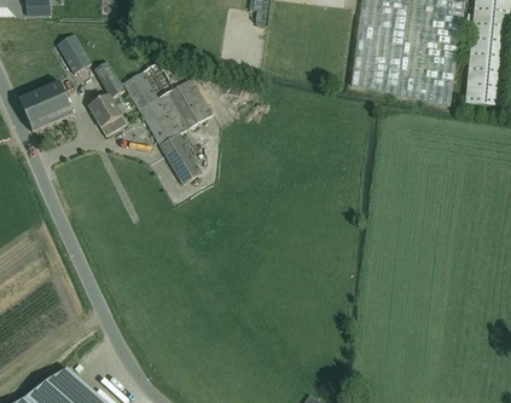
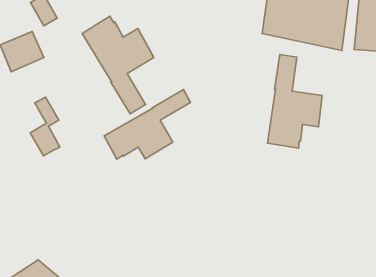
building: [88,61,126,134] -> [30,97,60,156]
building: none -> [267,55,322,148]
building: none -> [104,90,190,159]

